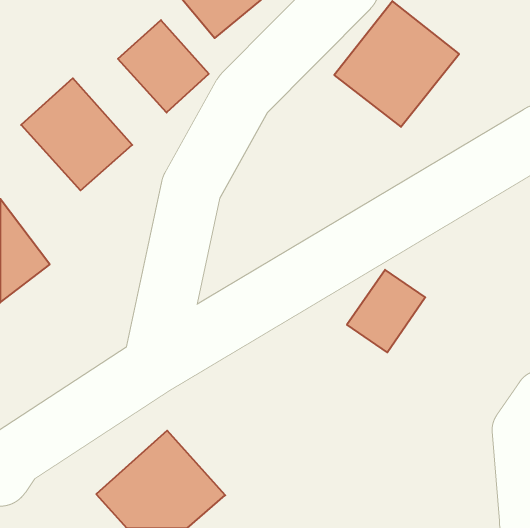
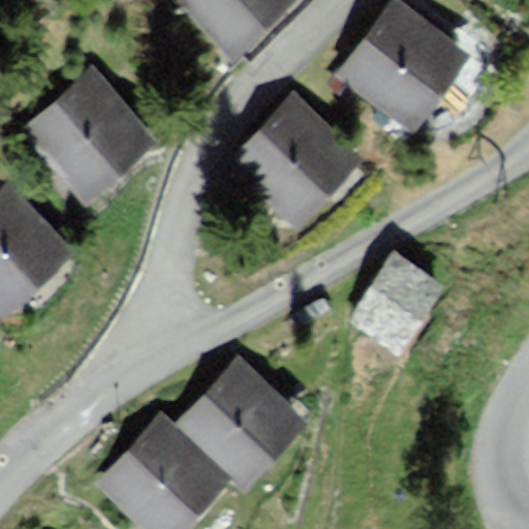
building: [118,20,209,113] -> none
building: none -> [237,98,351,212]
building: none -> [184,365,307,488]

